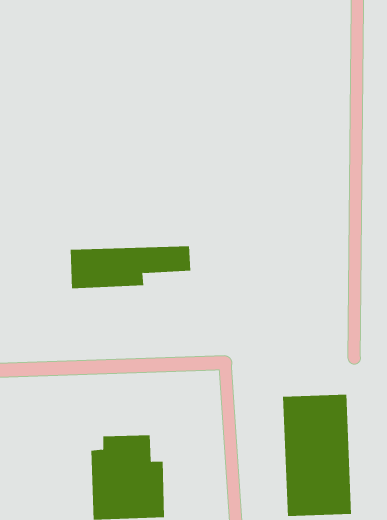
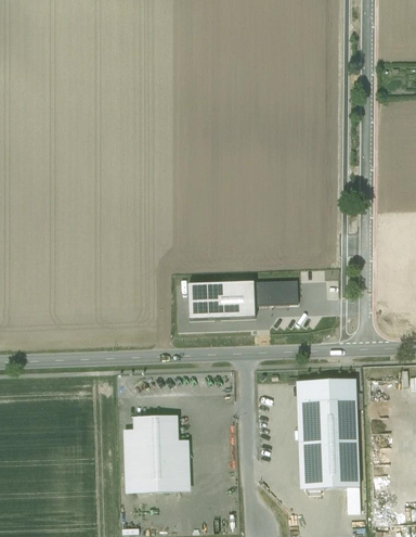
building: [70,246,191,289] -> [188,280,298,319]

